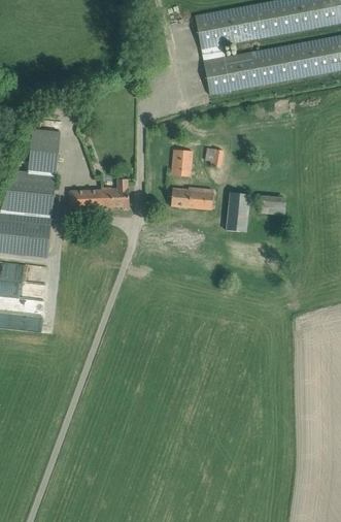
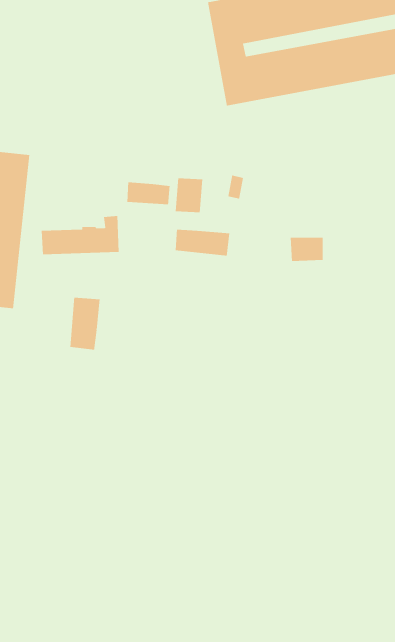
building: none -> [127,182,170,205]
building: [225,193,248,231] -> none
building: none -> [70,297,100,350]

